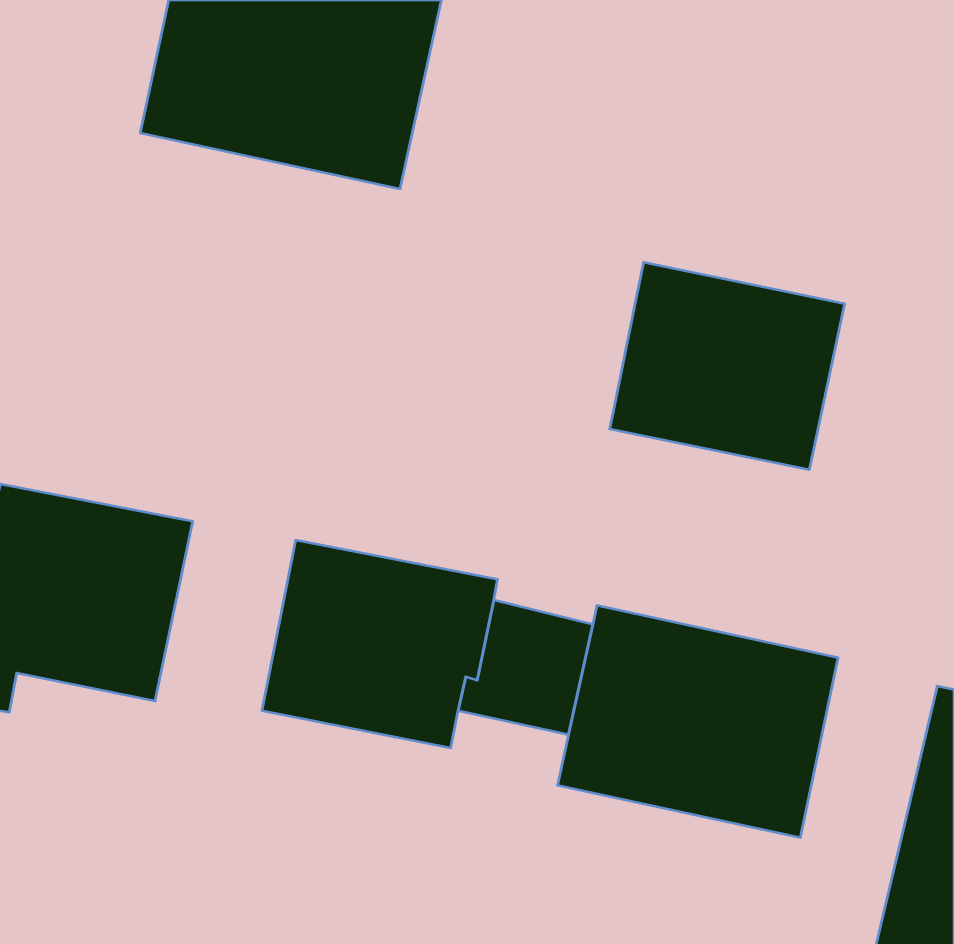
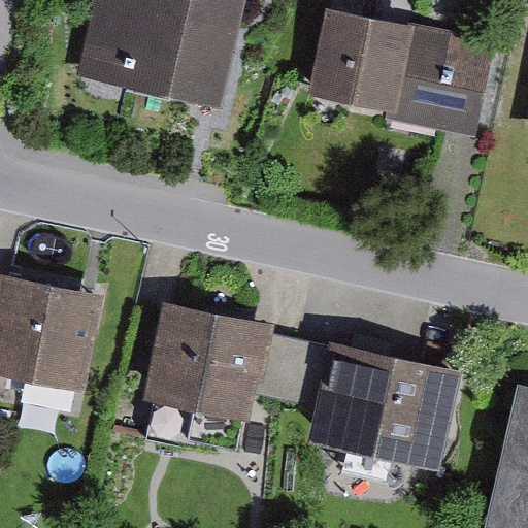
building: none -> [309,10,497,141]
building: [610,262,844,470] -> none

